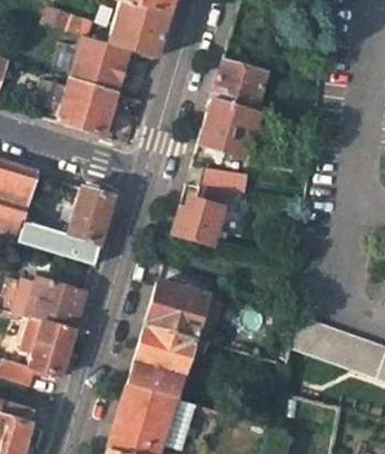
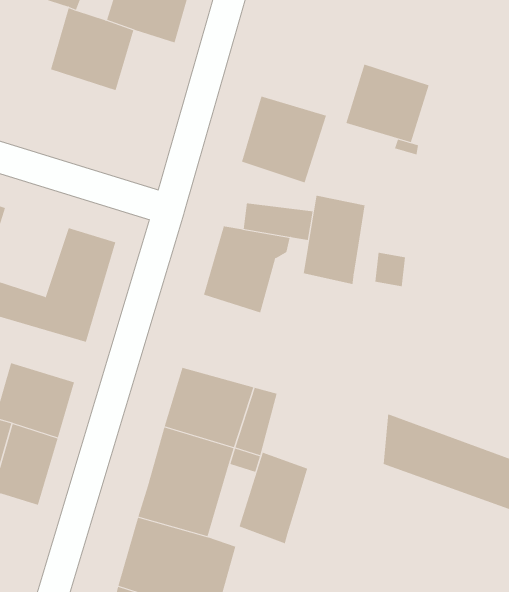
building: [211,58,268,111] -> [346,64,430,143]
building: [49,80,113,137] -> none
building: none -> [303,195,365,285]
building: none -> [239,452,308,544]

